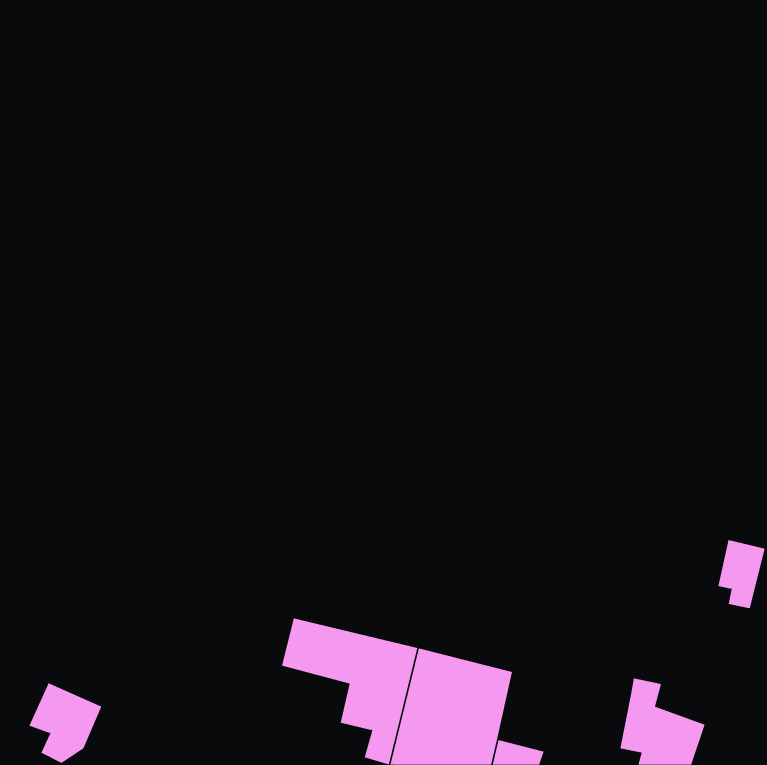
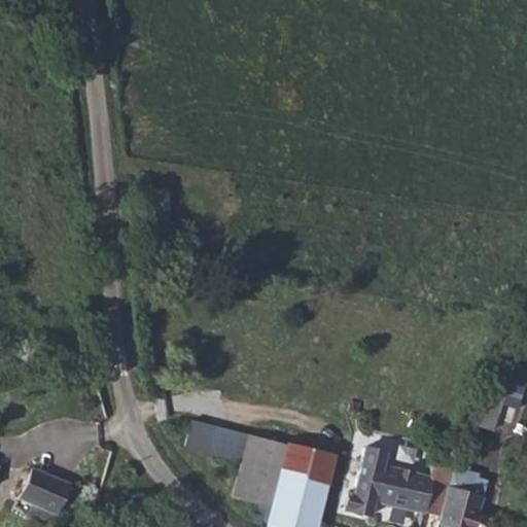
building: none -> [353,449,432,513]

